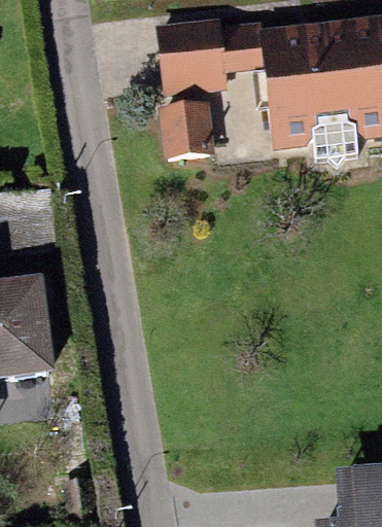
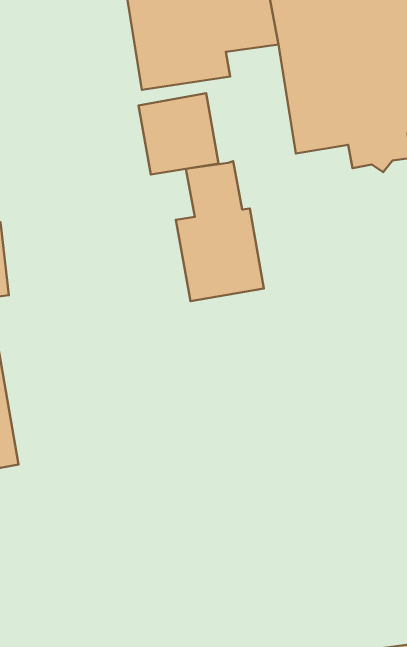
building: none -> [176,161,264,301]

